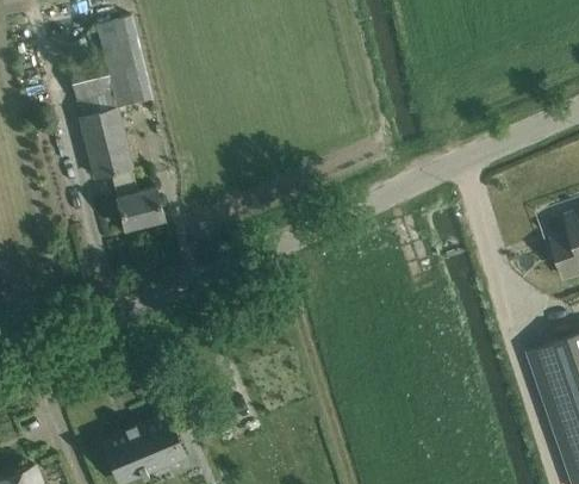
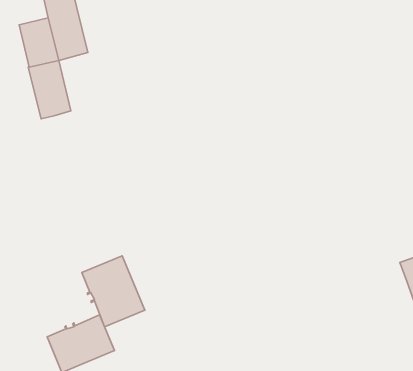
building: [111,170,163,231] -> none
building: none -> [82,256,145,327]

